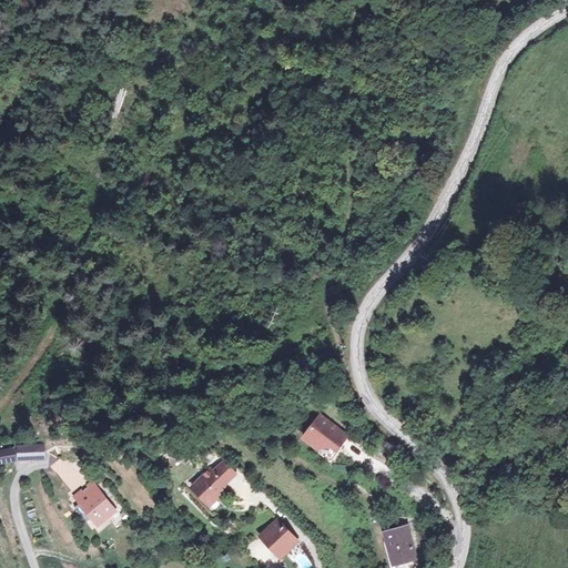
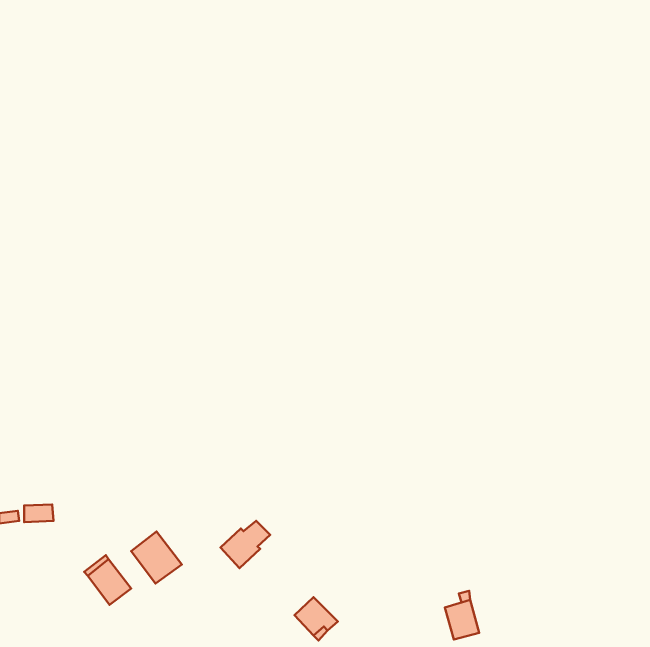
building: [306,415,349,459] -> none
building: none -> [131,531,182,583]

